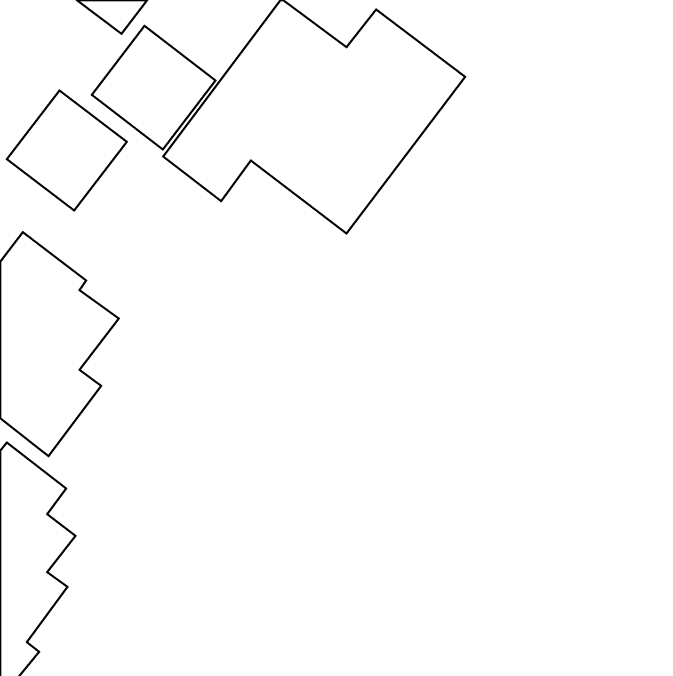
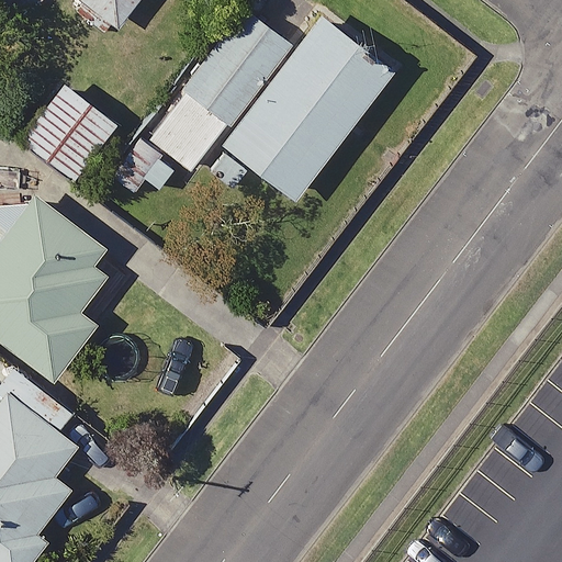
building: [92,26,215,150] -> none

